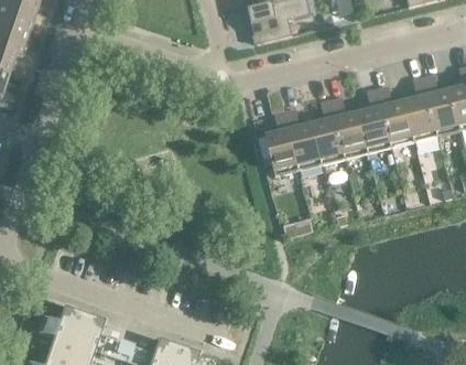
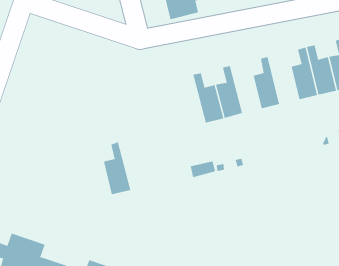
building: [377,85,414,147] -> none
building: [330,97,368,158] -> none
building: [265,110,300,175] -> [103,142,131,195]

